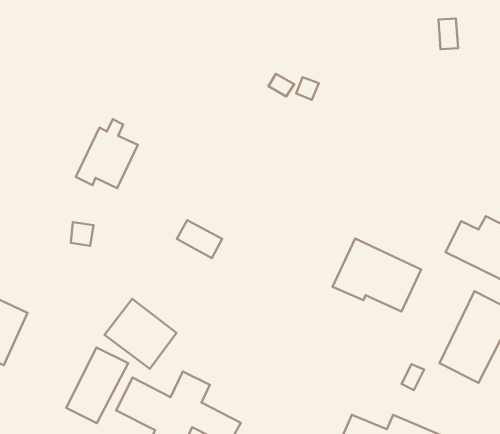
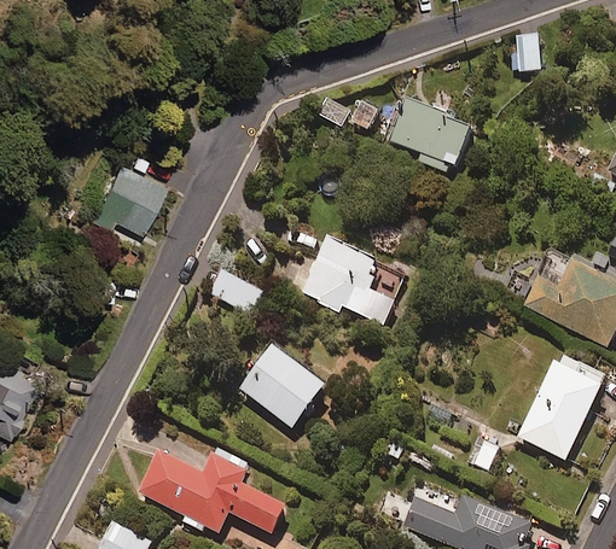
building: none -> [388,98,471,174]
building: [332,239,421,312] -> [302,238,406,323]
building: [104,299,177,369] -> [239,346,324,428]
building: [66,348,128,423] -> none

